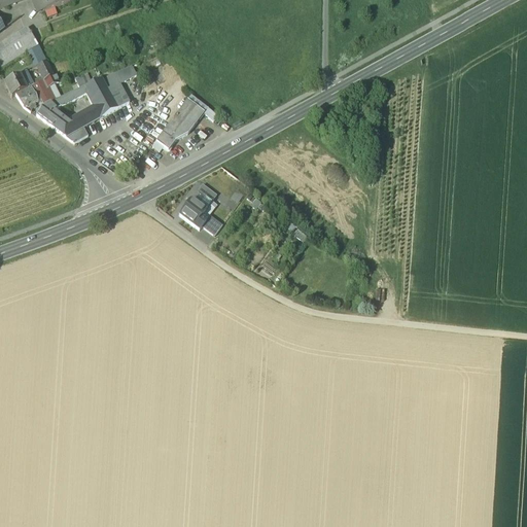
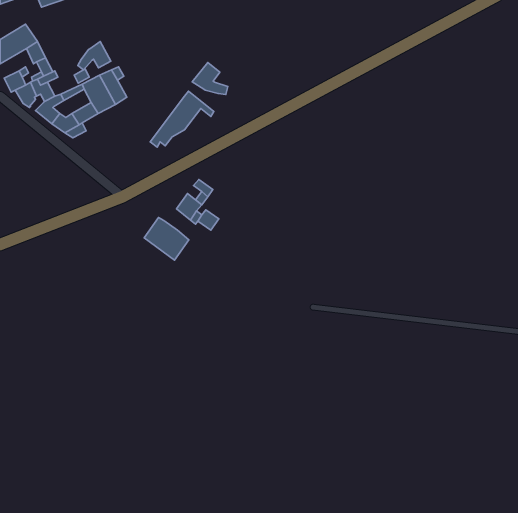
building: none -> [78,42,111,70]
building: none -> [192,62,228,94]
building: none -> [144,218,189,260]

